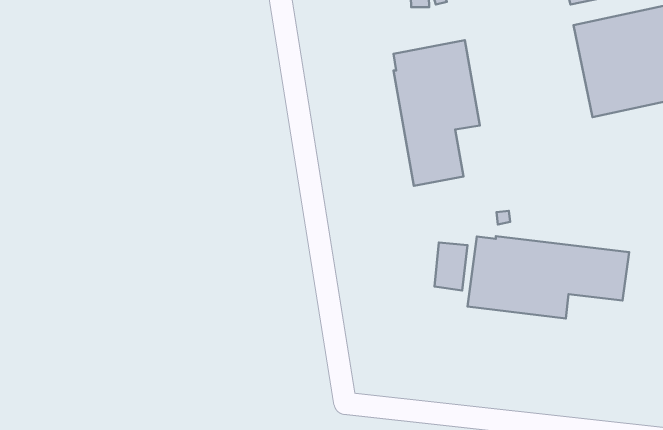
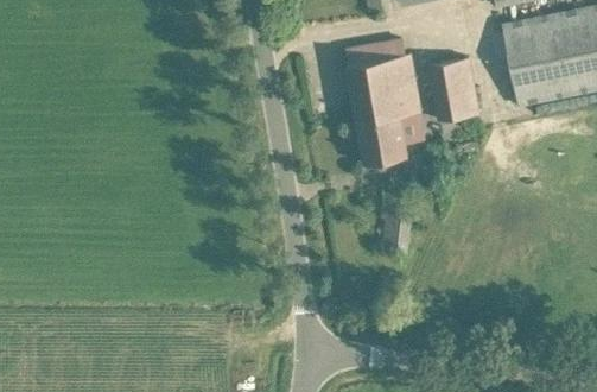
building: none -> [430,57,479,120]
building: [467,236,629,318] -> none

